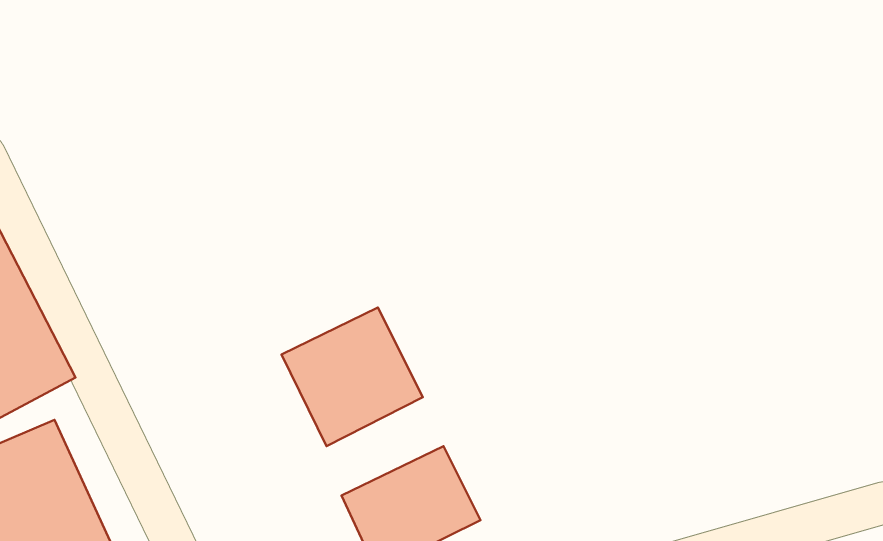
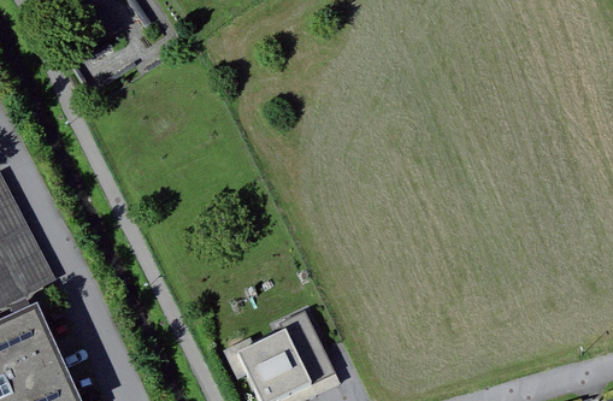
building: [281,308,423,446] -> none

